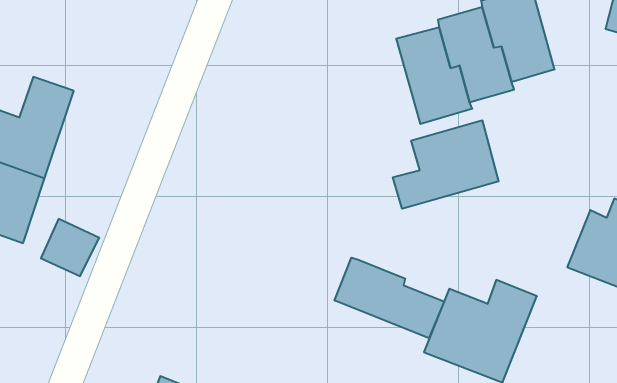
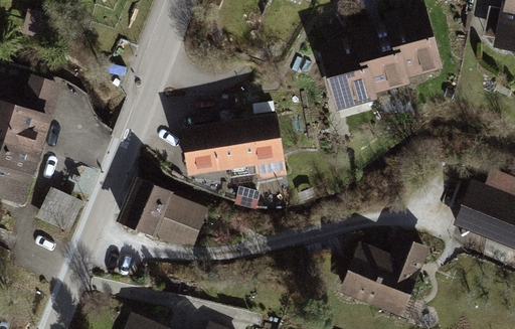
building: [393,120,499,209] -> none
building: none -> [181,114,285,176]
building: none -> [116,177,208,245]
building: [335,258,444,338] -> none

